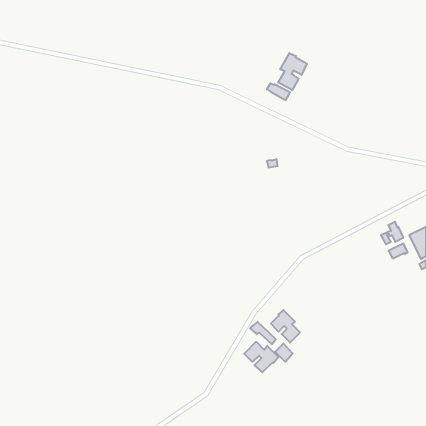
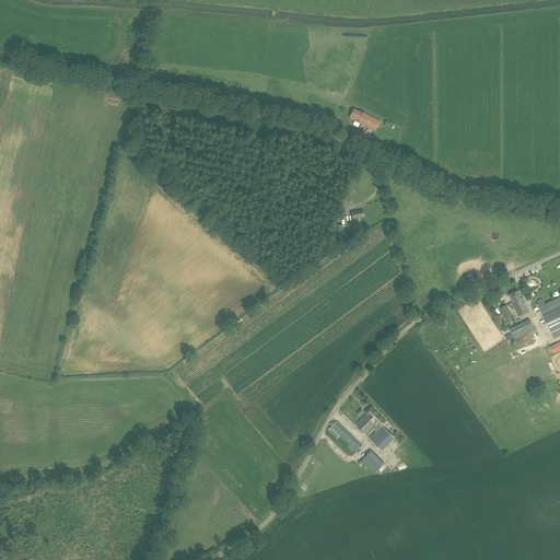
building: [278,53,307,90] -> none
building: [244,342,279,372] -> none

